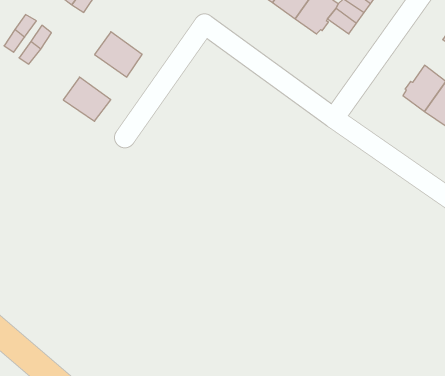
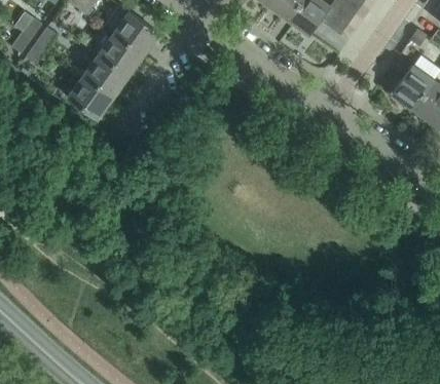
building: none -> [113,12,158,54]
building: none -> [83,54,129,98]

